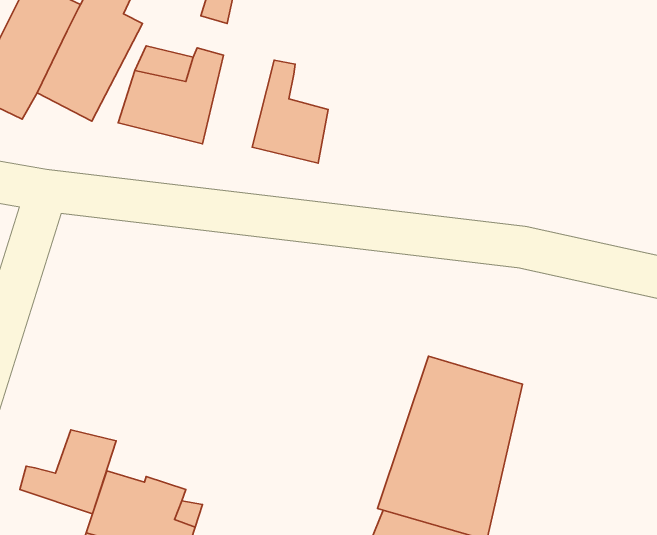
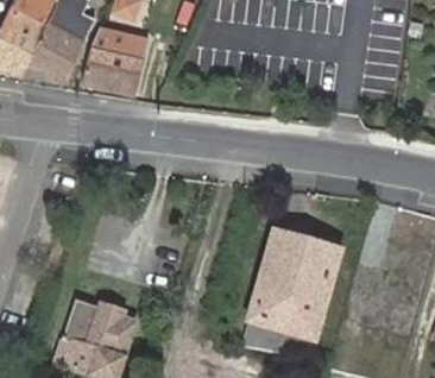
building: [252,60,328,163] -> none
building: [20,430,116,514] -> none

